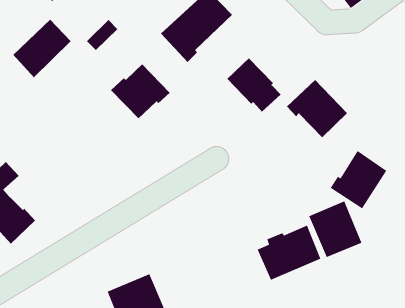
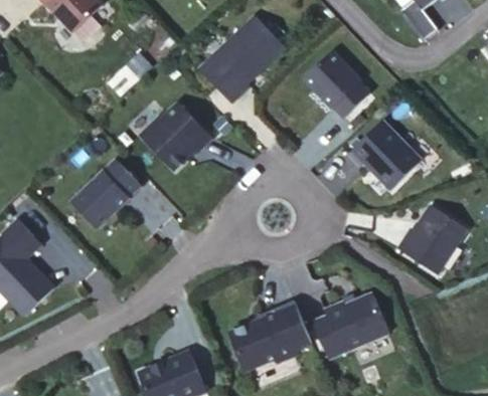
building: [13,19,72,78] -> [71,159,141,228]
building: [227,58,281,112] -> [305,51,369,116]
building: [308,200,362,258] -> none
building: none -> [228,301,311,370]

